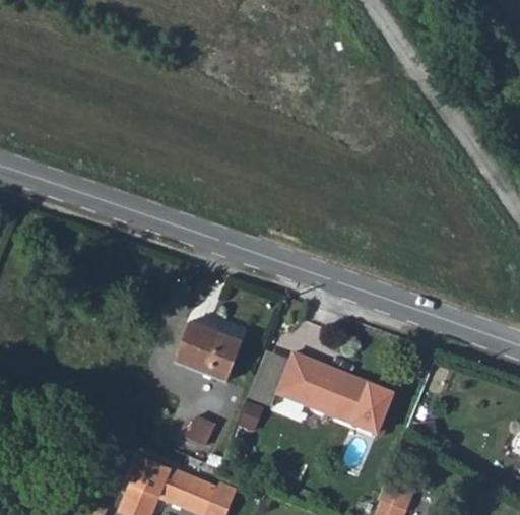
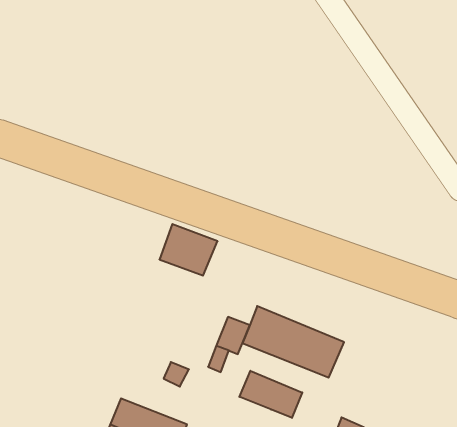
building: [178,322,243,380] -> [159,224,218,276]
building: none -> [239,371,302,418]

